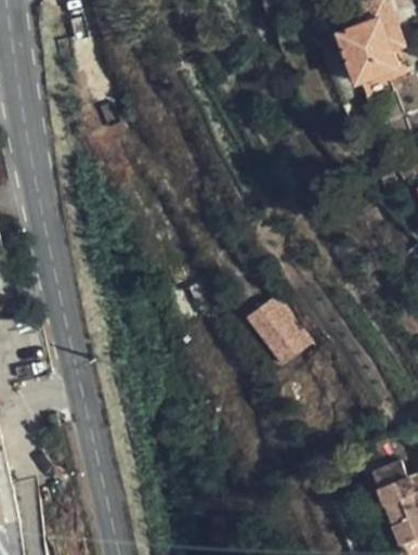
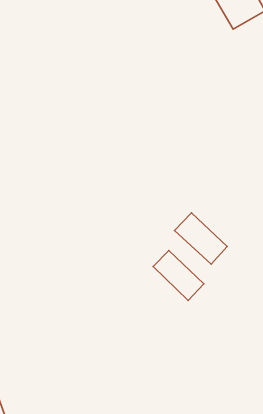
building: none -> [153,251,204,300]

